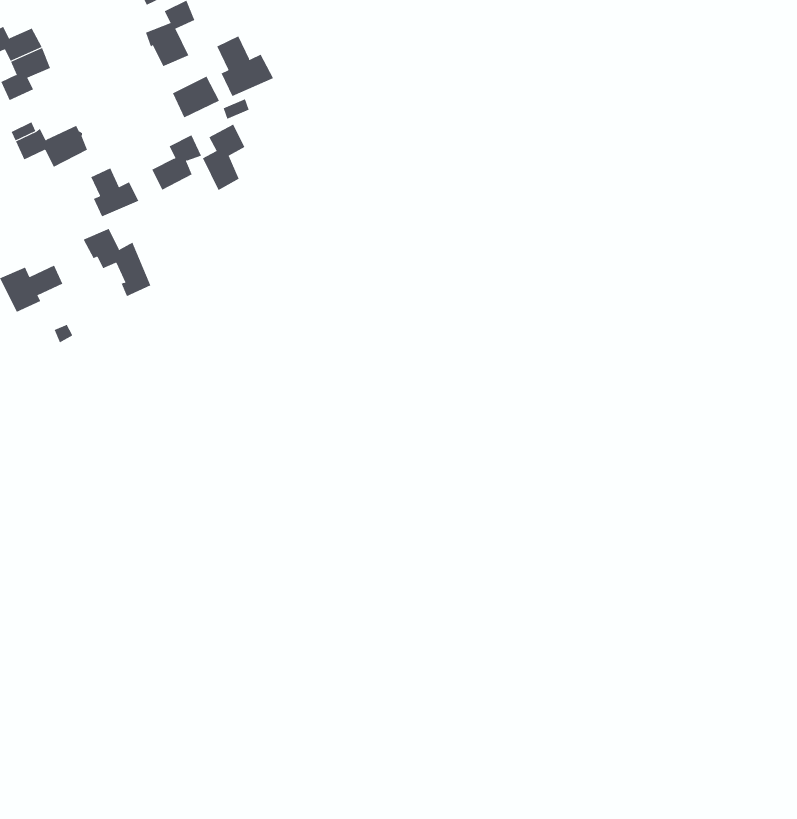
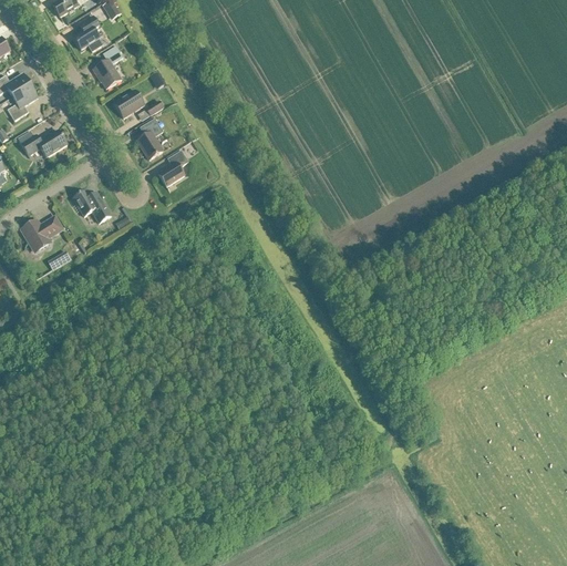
building: [217,36,274,97] -> none
building: [152,135,202,191] -> [158,150,188,186]
building: [91,168,139,217] -> none

